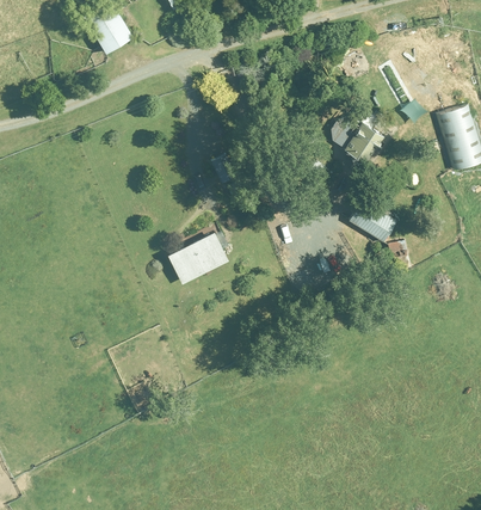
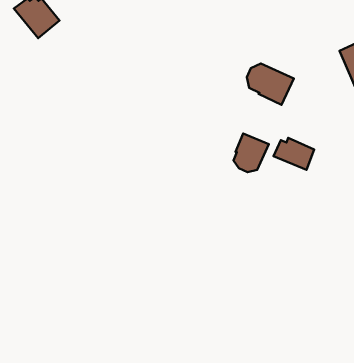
building: none -> [234,134,269,172]
building: [166,232,227,283] -> none

